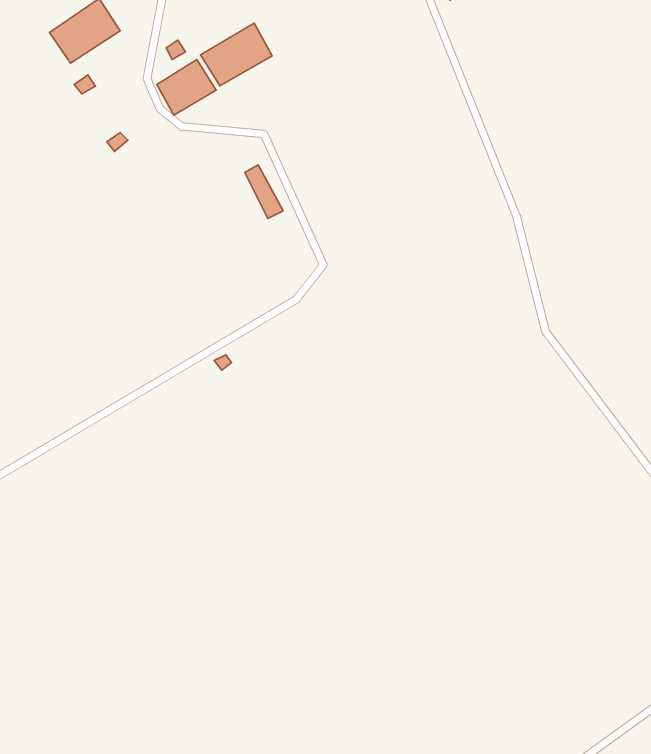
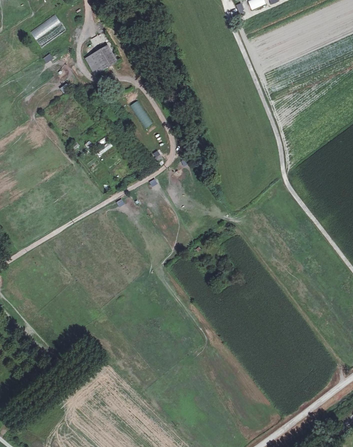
building: [201,23,272,86] -> none

